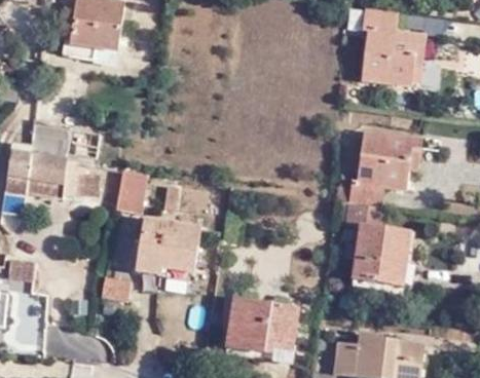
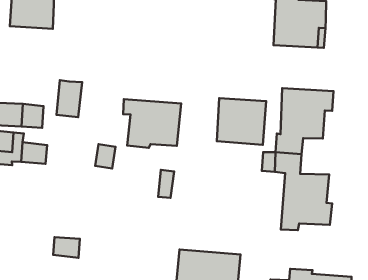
building: none -> [217,98,266,145]
building: [116,167,147,210] -> [57,80,82,117]
building: [131,224,195,279] -> [123,99,181,148]

